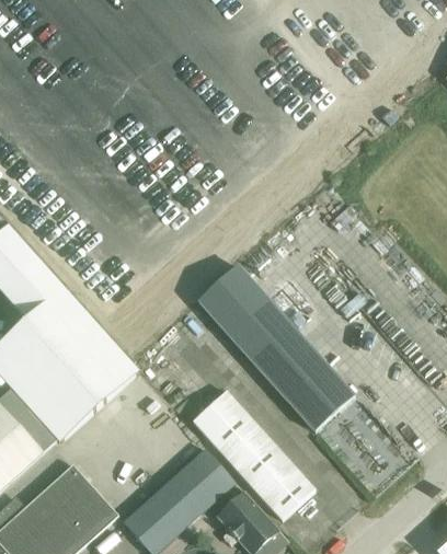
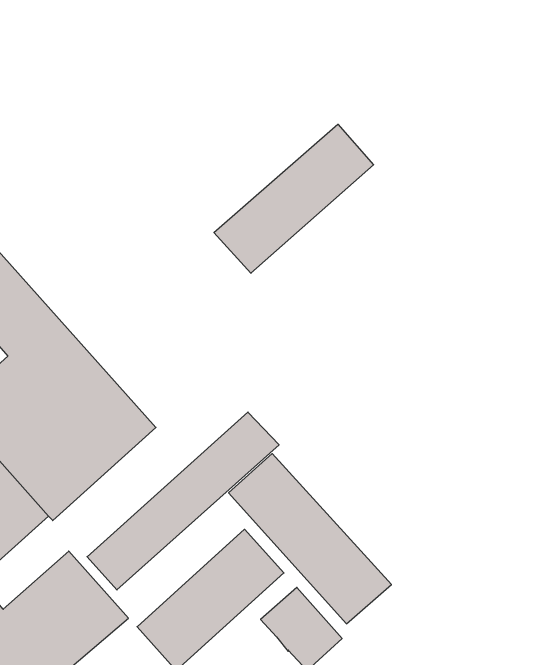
building: none -> [214,124,374,273]
building: [199,265,355,431] -> none
building: none -> [87,412,279,590]

